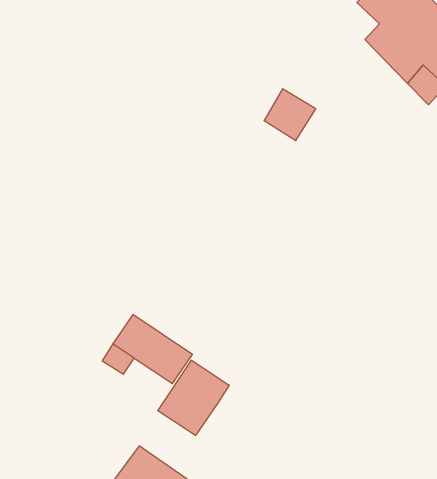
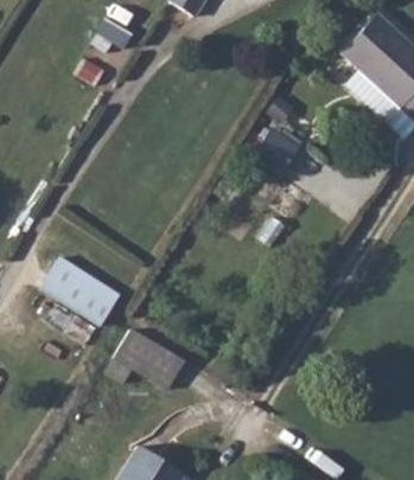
building: none -> [51,258,122,321]
building: [158,360,229,436] -> none

